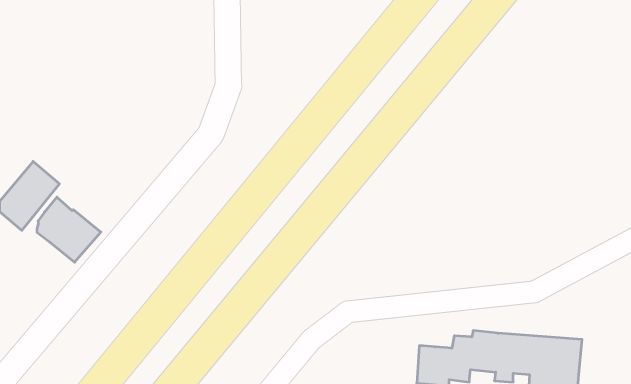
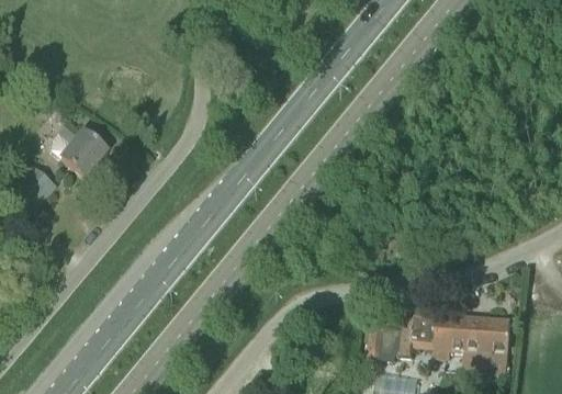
building: [37,197,101,262] -> [52,119,108,176]

